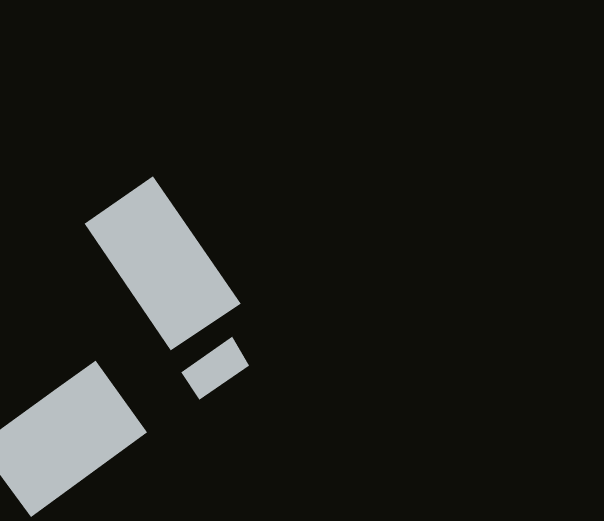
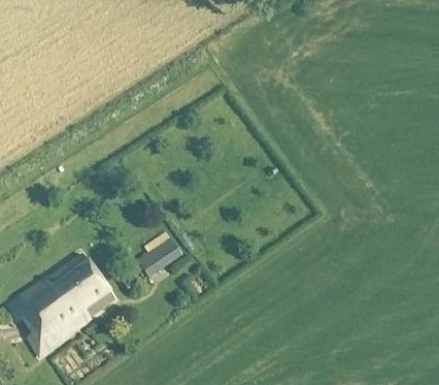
building: [83,175,242,352] -> none

